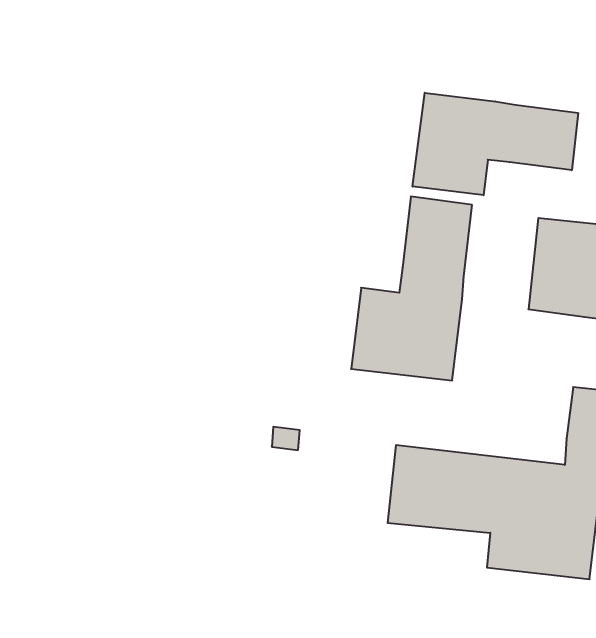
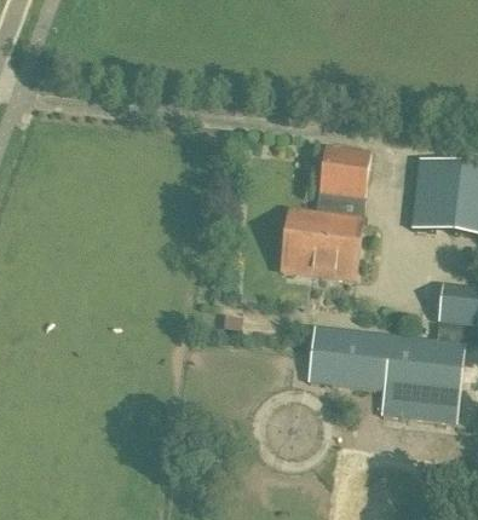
building: [413,93,578,195] -> none

